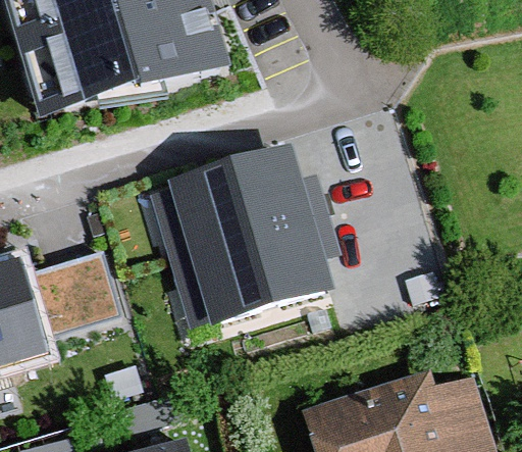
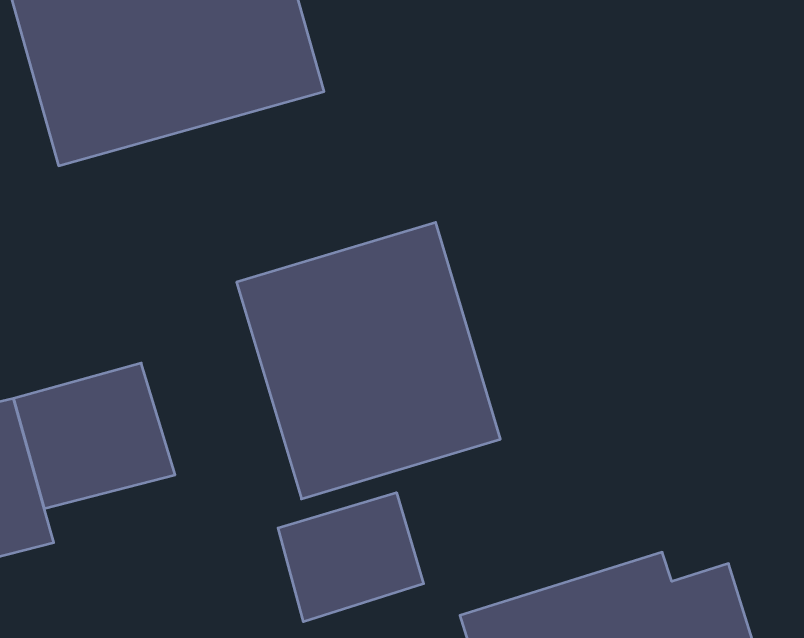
building: none -> [278,493,424,622]

